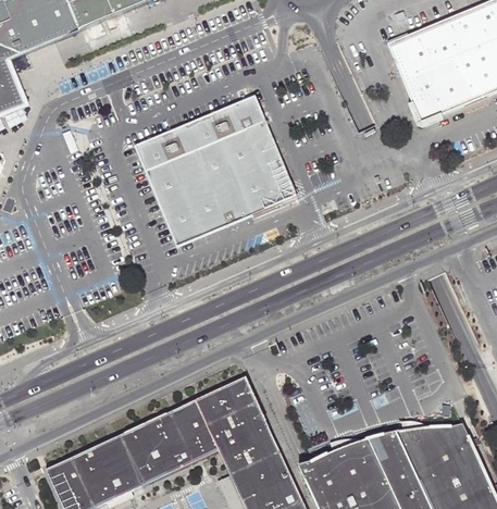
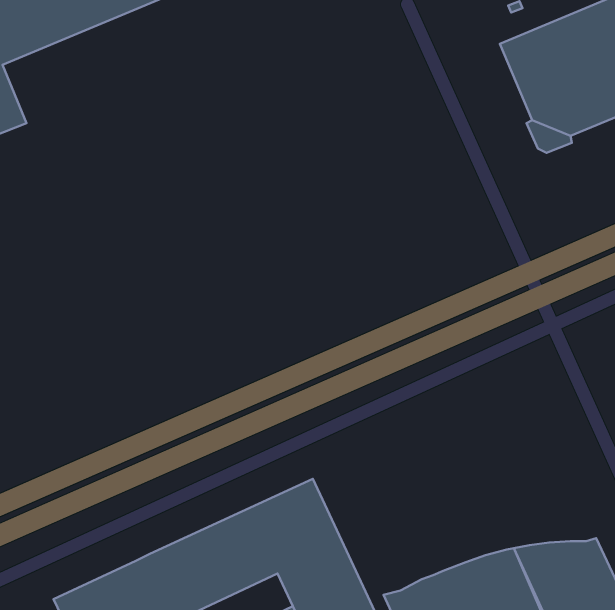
building: [133,95,300,247] -> none

